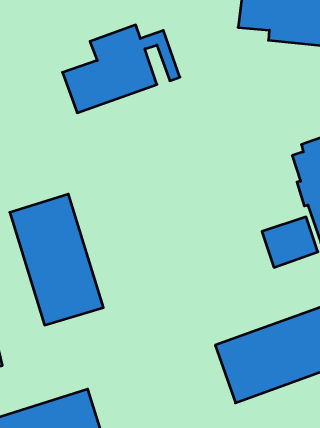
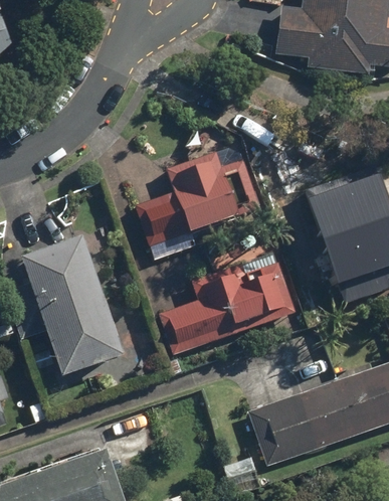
building: [62,25,180,113] -> [134,152,262,248]
building: none -> [157,261,295,354]

